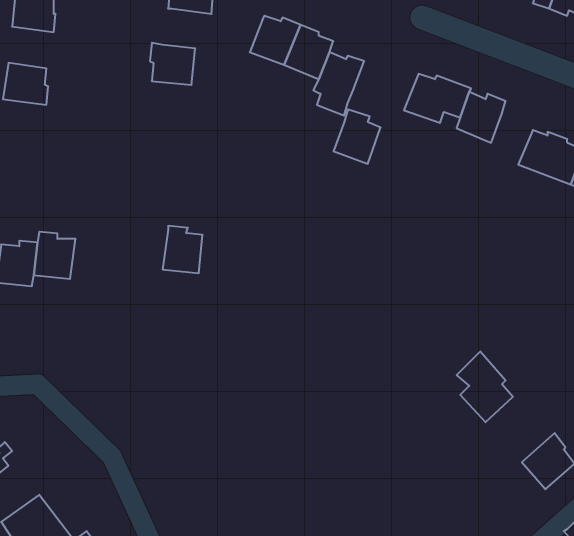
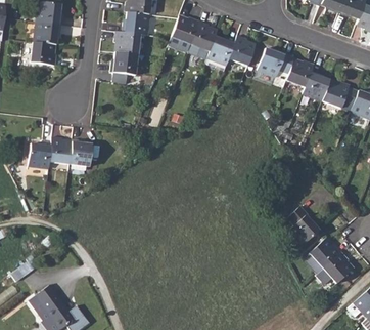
building: none -> [122,11,149,35]
building: none -> [35,22,60,45]
building: none -> [111,52,138,83]
building: [333,109,381,164] -> [229,34,256,65]
building: none -> [304,71,330,99]
building: [163,226,203,273] -> [70,139,92,166]
building: none -> [305,238,342,272]

